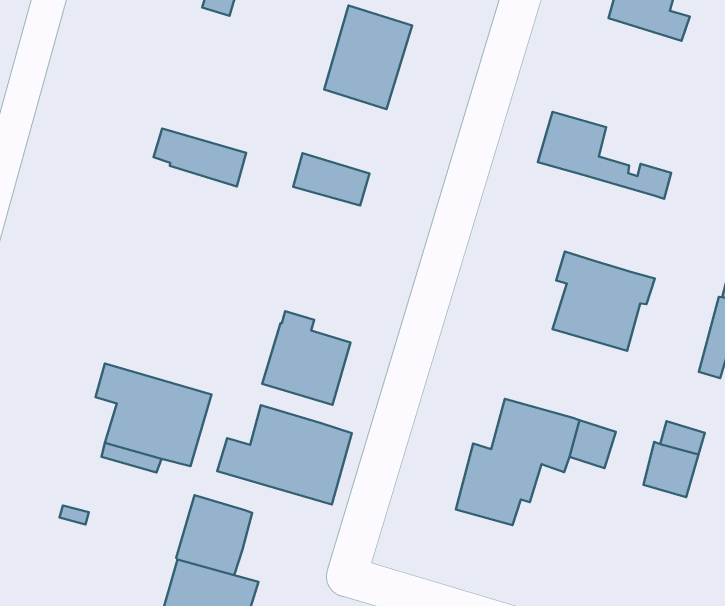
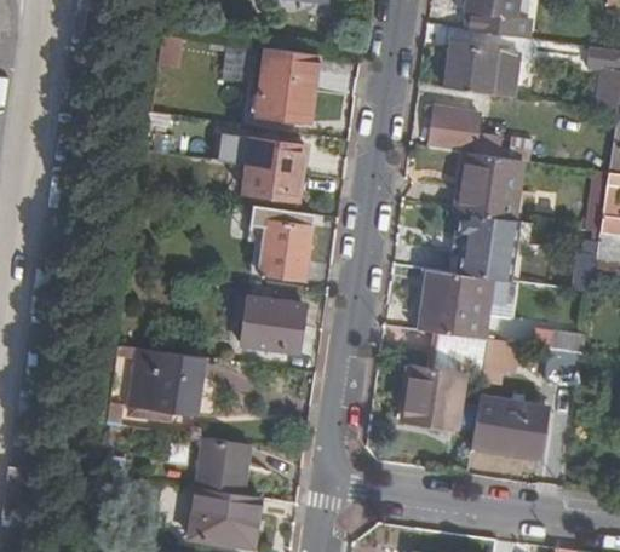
building: none -> [446,45,517,97]
building: [153,128,246,186] -> [235,137,305,173]
building: none -> [455,151,522,220]
building: none -> [252,207,315,280]
building: none -> [419,269,492,338]
building: [217,405,352,504] -> none
building: none -> [472,398,545,456]

